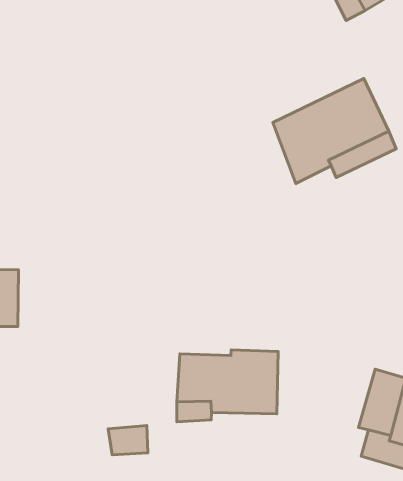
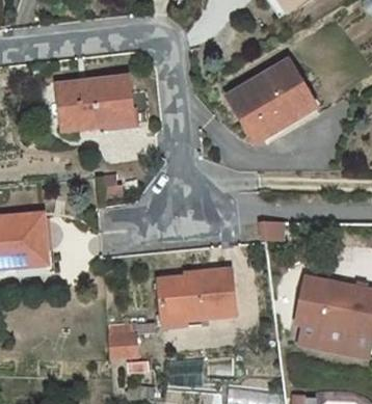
building: none -> [60,80,134,132]

